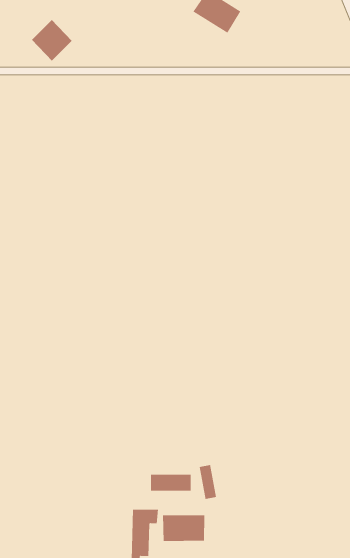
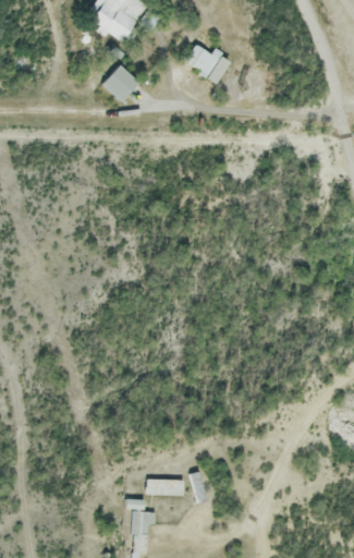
building: [31,19,72,61] -> [103,63,141,101]
building: [162,514,205,542] -> none

